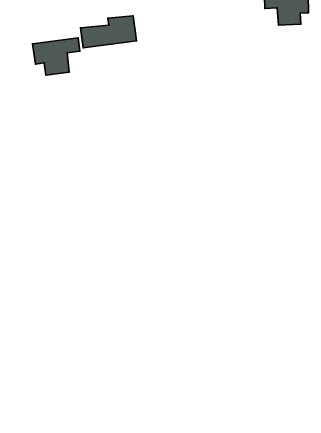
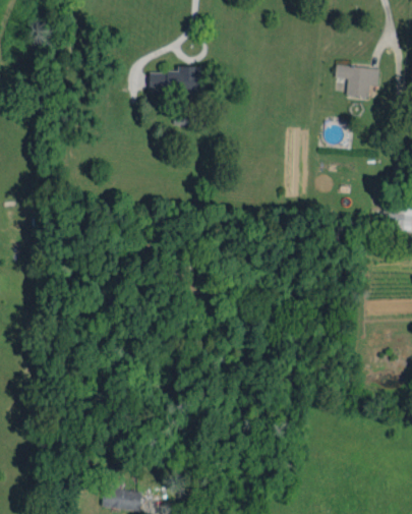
building: [33,38,80,75] -> none

